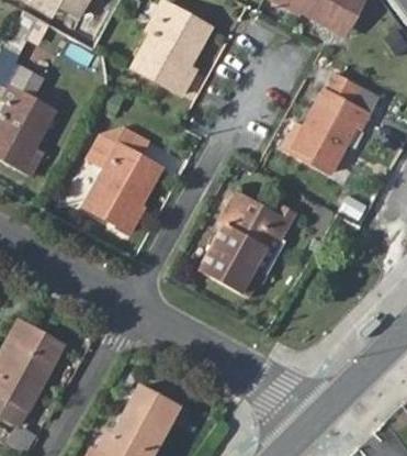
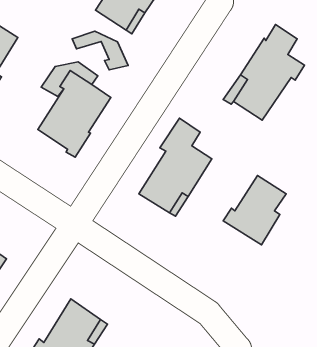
building: none -> [72,31,128,70]
building: none -> [223,175,286,245]

